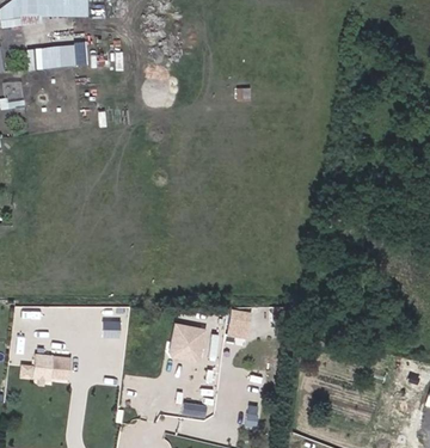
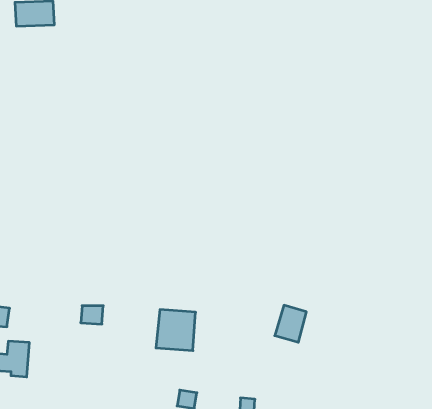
building: [228,306,257,339] -> [275,305,306,342]

